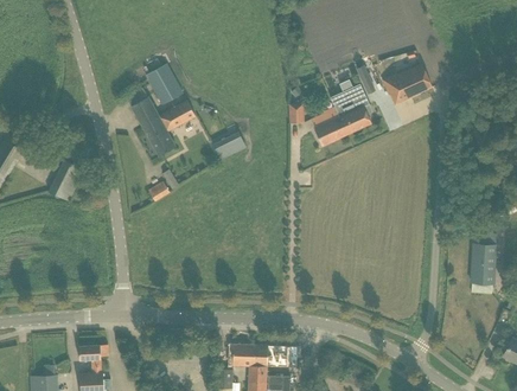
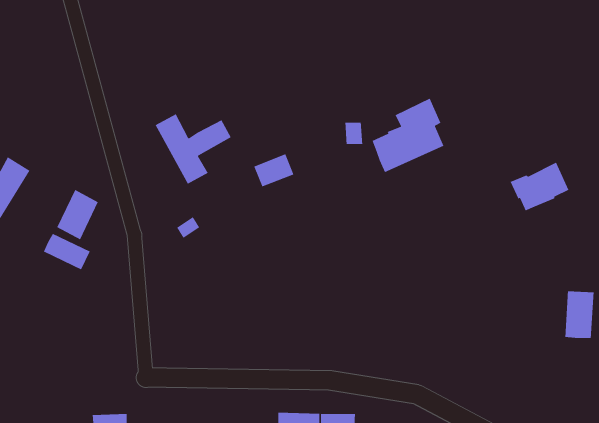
building: [382,63,432,104] -> [509,162,569,212]
building: [146,64,183,104] -> none
building: none -> [43,233,91,270]

